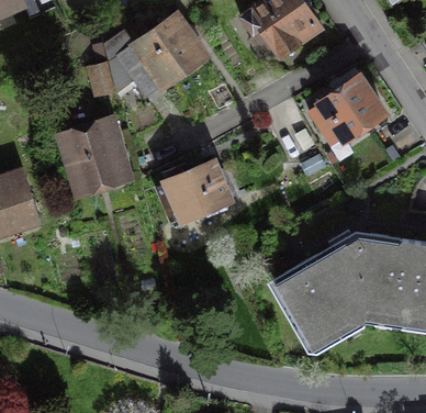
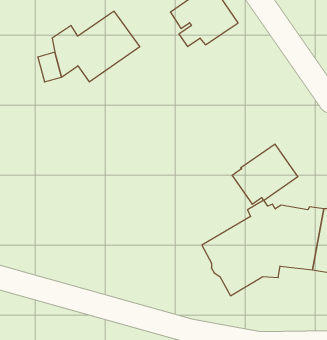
building: [310,76,385,145] -> [232,144,298,204]
building: [66,125,124,190] -> none
building: [156,161,231,222] -> none

